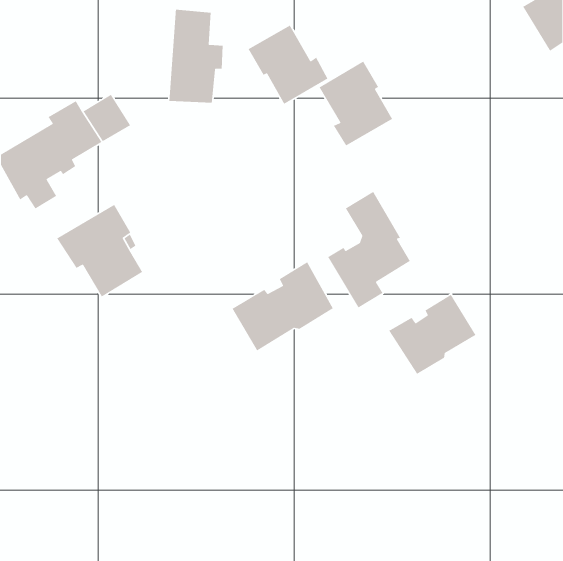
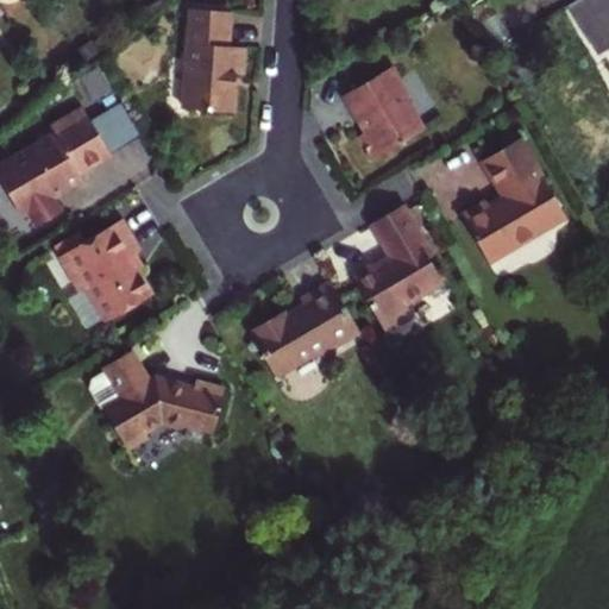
building: [248,24,328,105] -> none
building: none -> [460,136,565,259]
building: [388,294,476,375] -> none
building: none -> [94,351,228,448]

